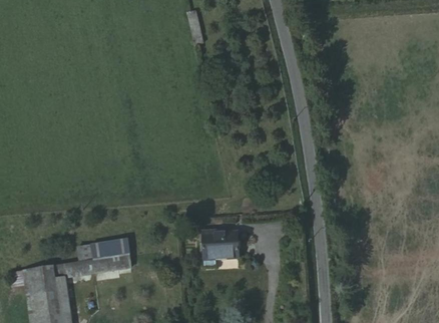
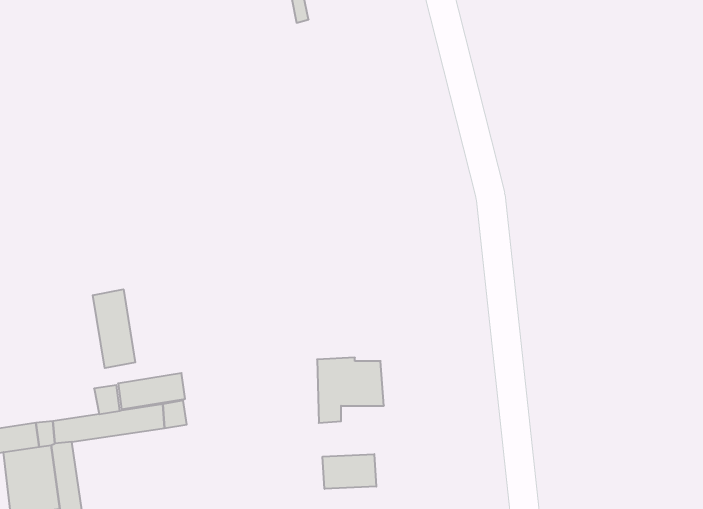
building: none -> [93,289,135,368]
building: none -> [323,454,376,489]

